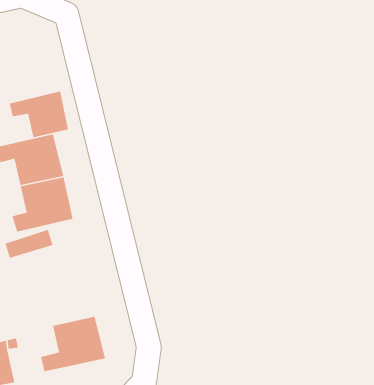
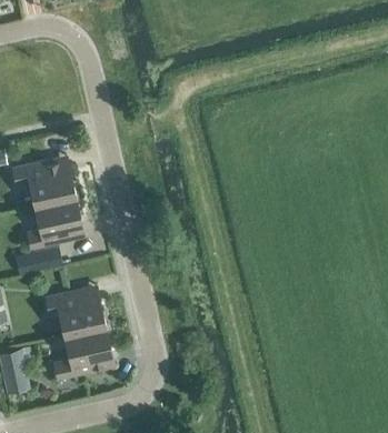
building: [9,91,69,138] -> none
building: none -> [44,286,103,335]

